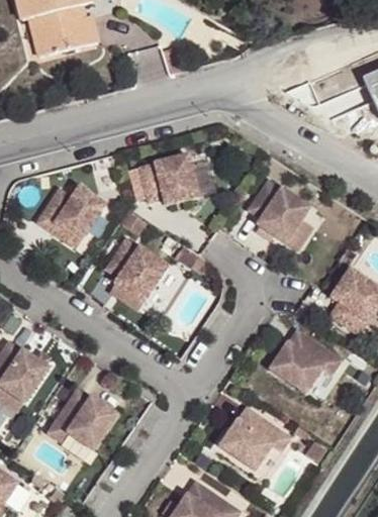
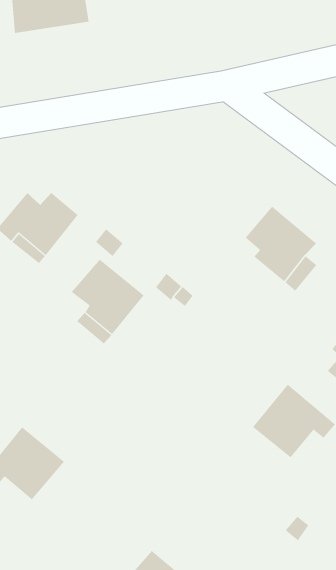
building: [138,156,199,207] -> none
building: [220,407,291,471] -> none

